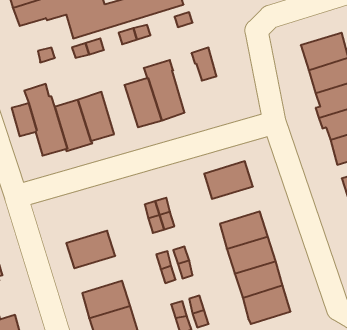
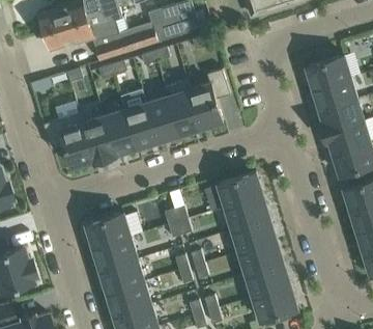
building: none -> [189,83,223,128]
building: none -> [120,88,157,147]
building: none -> [225,195,268,229]
building: none -> [85,213,130,247]
building: none -> [99,258,143,293]

